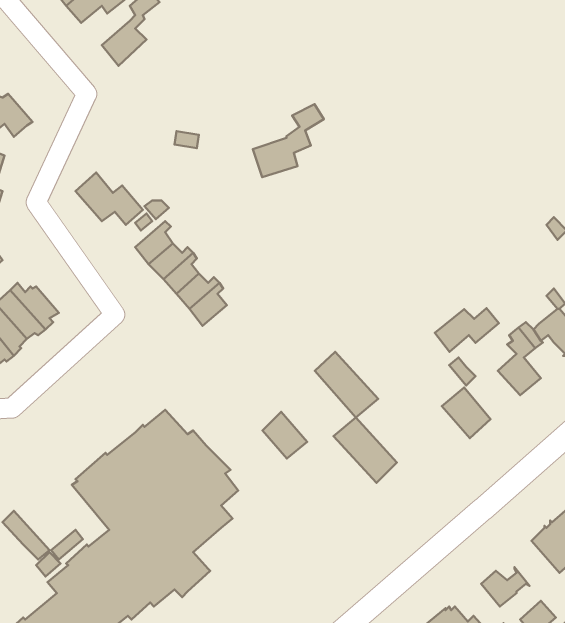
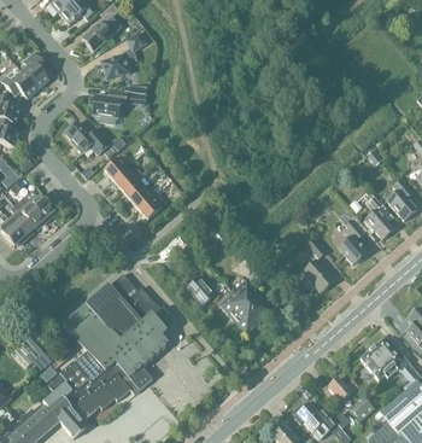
building: none -> [22,51,48,88]
building: [253,104,324,177] -> [100,33,146,80]
building: none -> [94,91,125,124]
building: [435,308,499,352] -> none
building: [315,352,378,417] -> [218,291,259,333]

